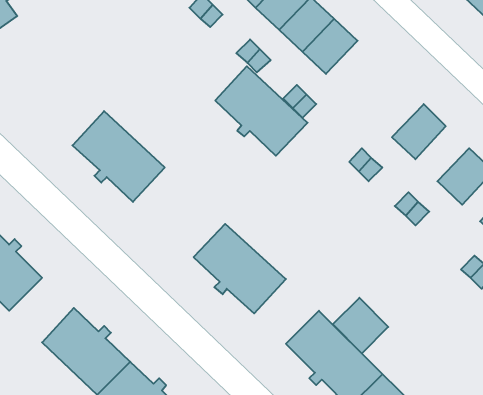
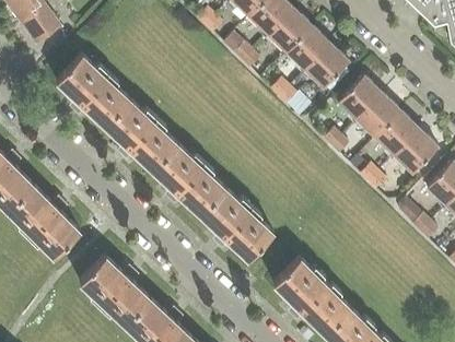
building: none -> [304,44,348,89]
building: none -> [55,56,128,127]
building: [215,66,308,156] -> [151,144,224,215]
building: none -> [337,75,382,120]
building: none -> [375,111,418,155]
building: [333,298,388,353] -> none

